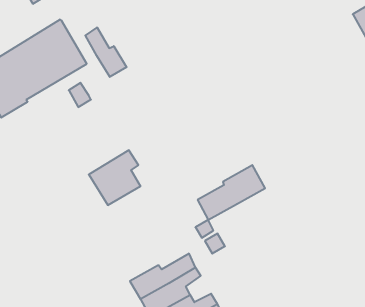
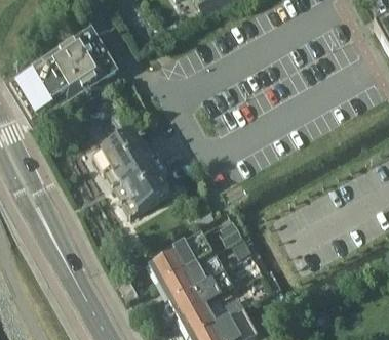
building: [85,27,127,77] -> none
building: none -> [102,128,158,178]
building: [198,165,265,220] -> [149,228,215,282]

